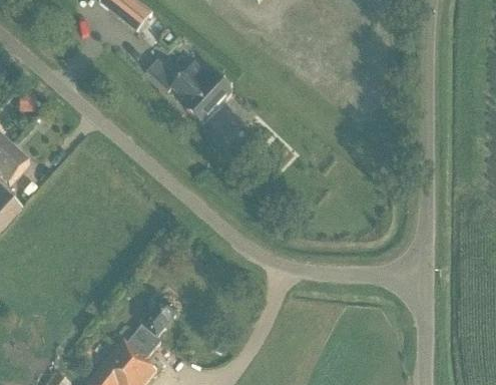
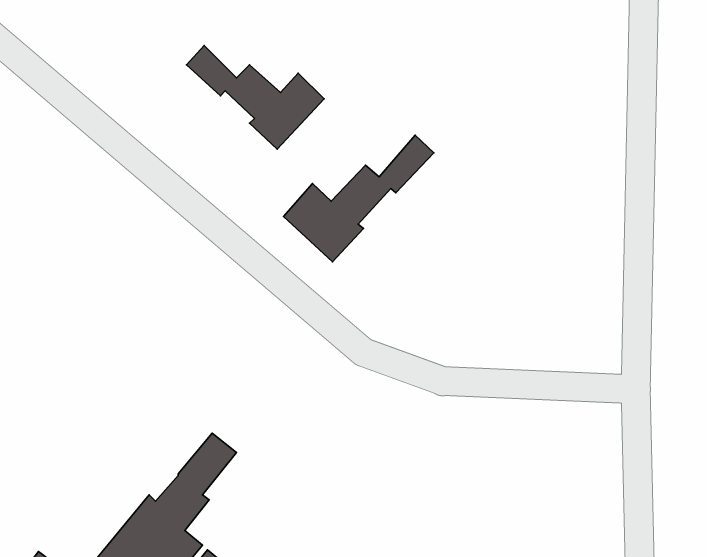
building: none -> [283,135,434,262]

